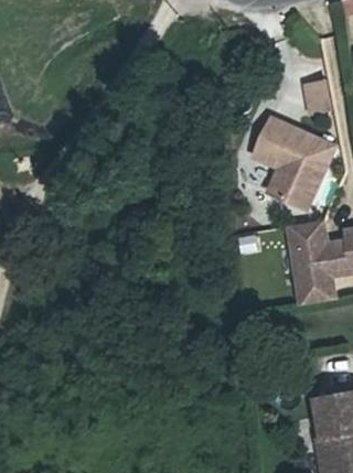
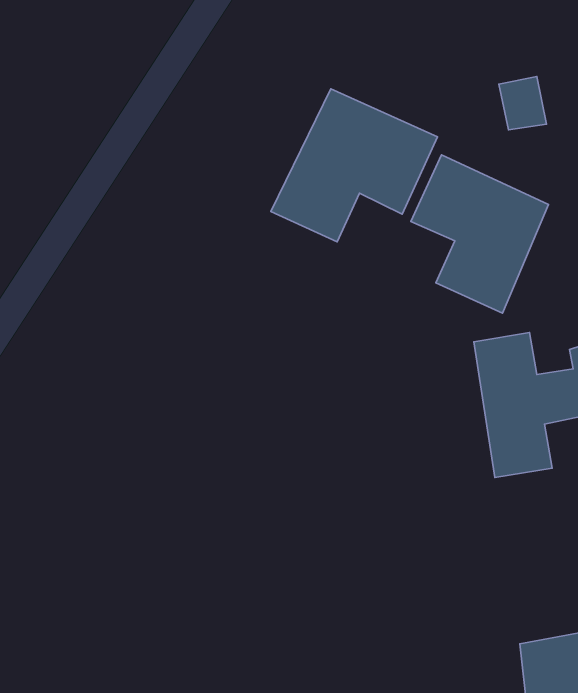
building: none -> [271,89,437,242]

